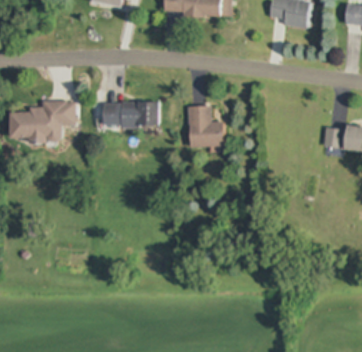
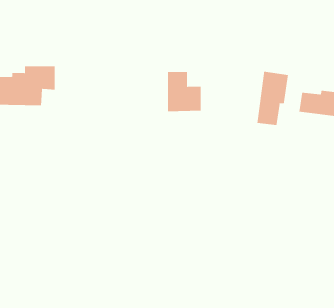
building: [103,101,158,126] -> none
building: none -> [257,71,288,126]

